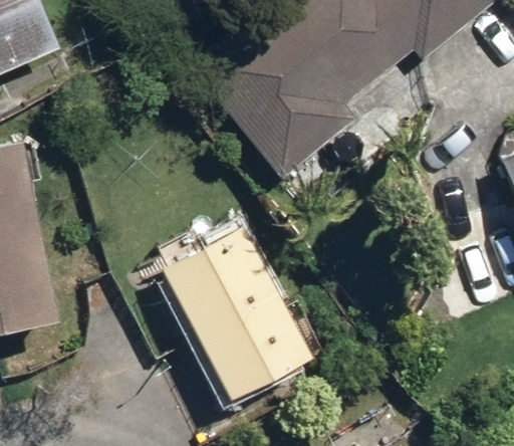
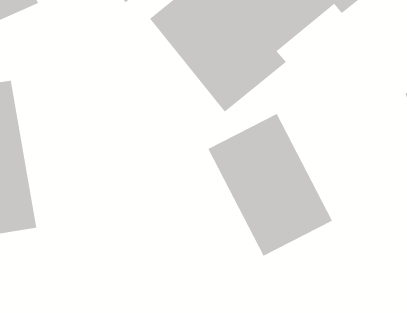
building: [156,225,307,399] -> [208,113,333,257]

